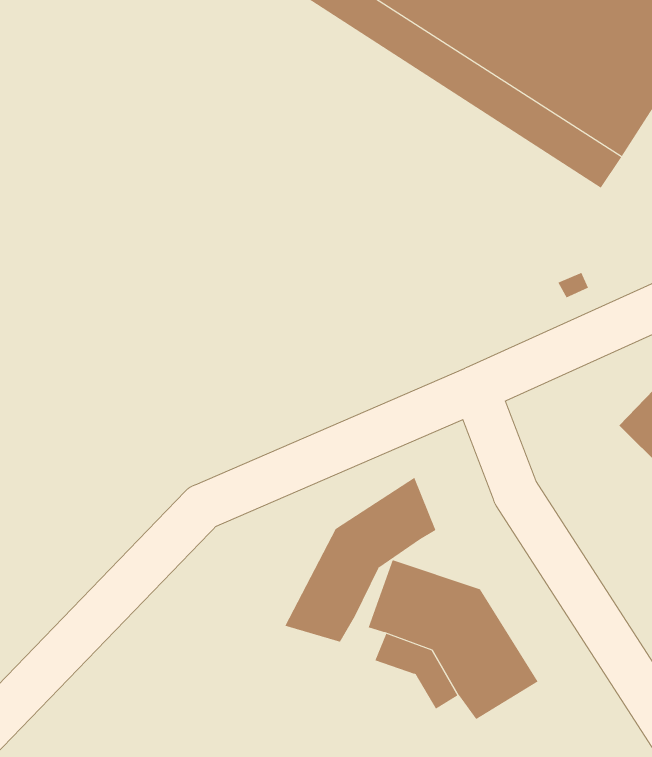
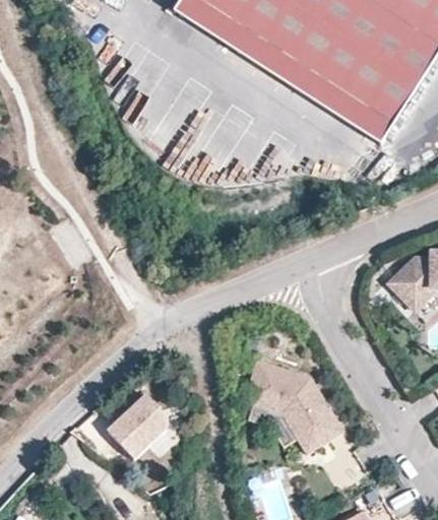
building: [285,477,436,643] -> none
building: none -> [109,391,169,456]

